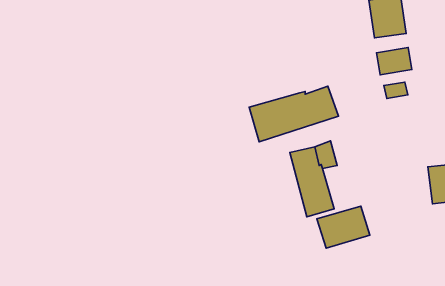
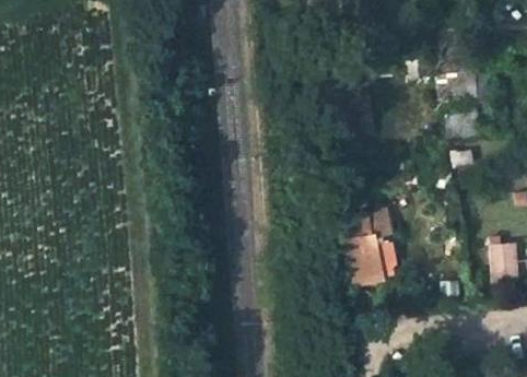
building: [249,86,338,142] -> none
building: [317,206,370,248] -> none

